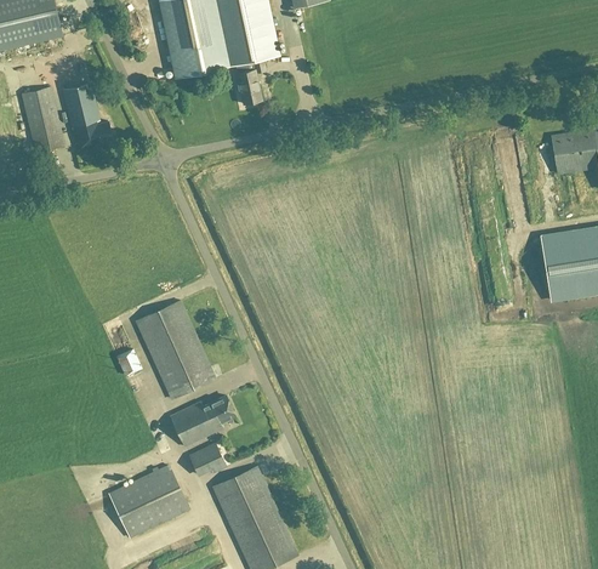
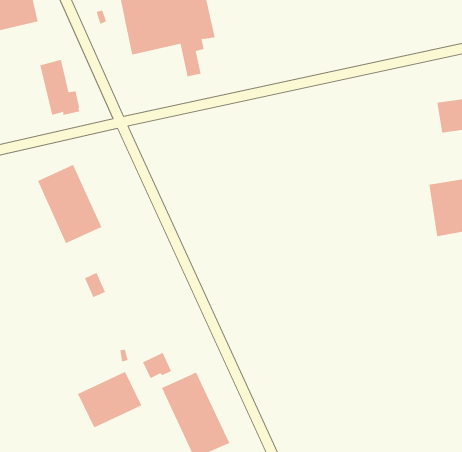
building: [22,87,64,153] -> none
building: [136,301,216,399] -> [37,164,102,244]
building: [170,396,235,446] -> none

